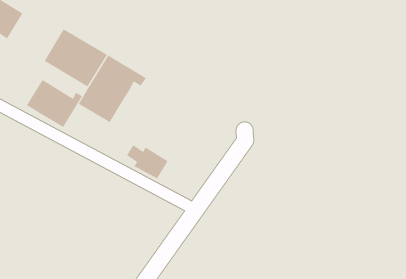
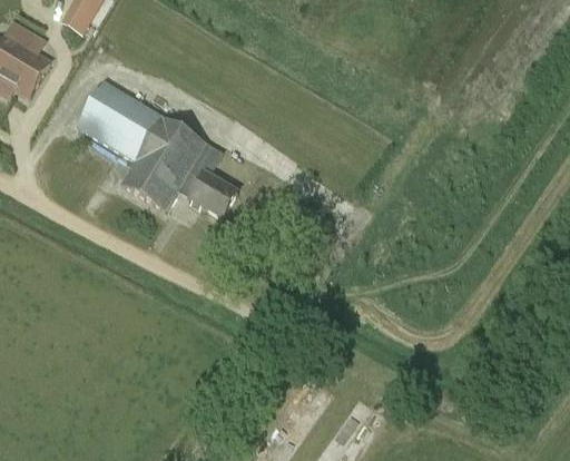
building: [26,79,83,128] -> none
building: [126,144,168,179] -> [180,169,237,216]

